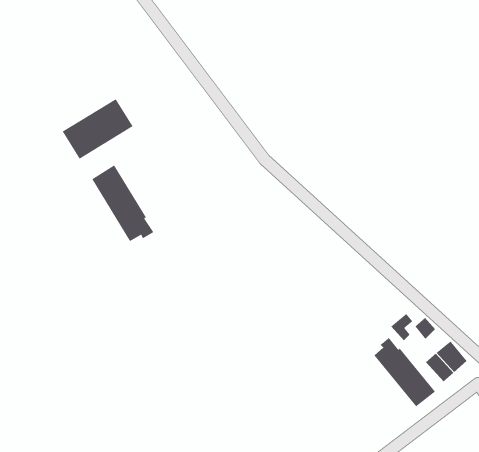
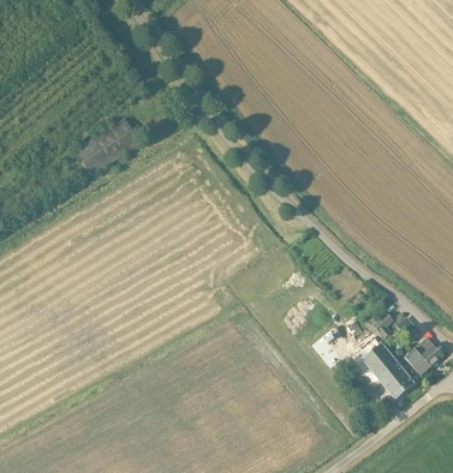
building: [91,165,154,242] -> none

